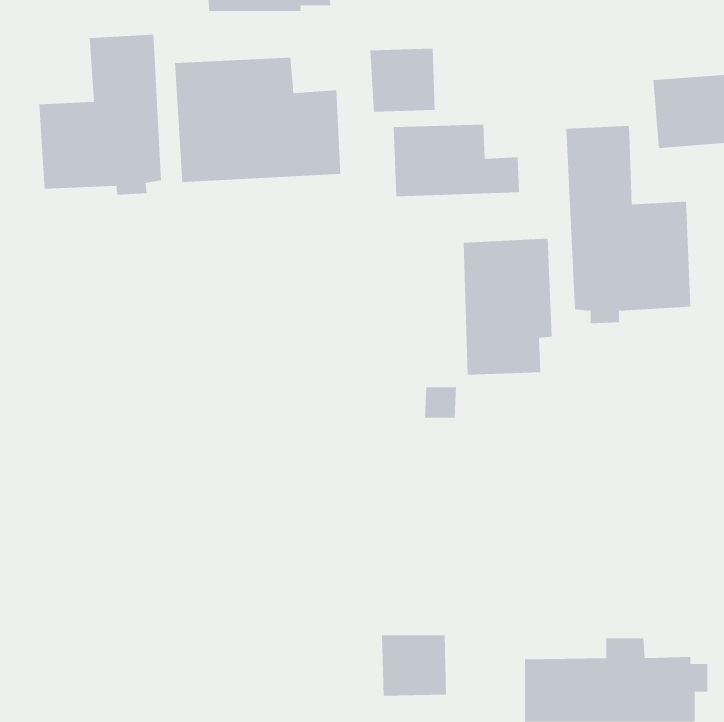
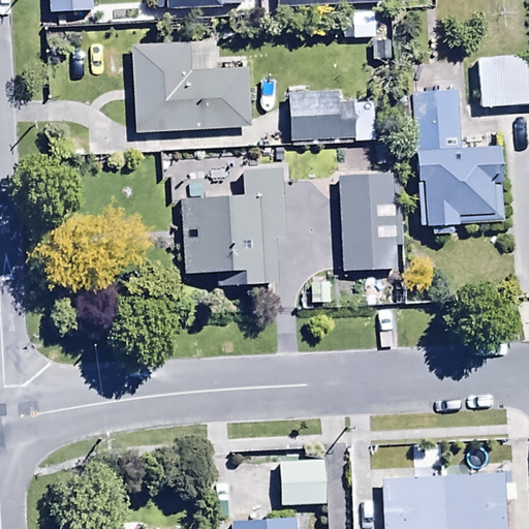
building: [39,34,162,196] -> none
building: [370,48,435,112] -> none
building: none -> [181,168,289,284]

